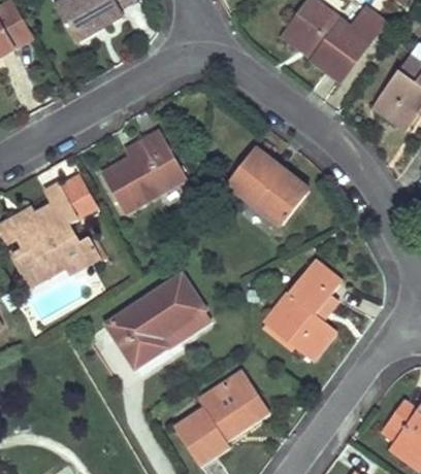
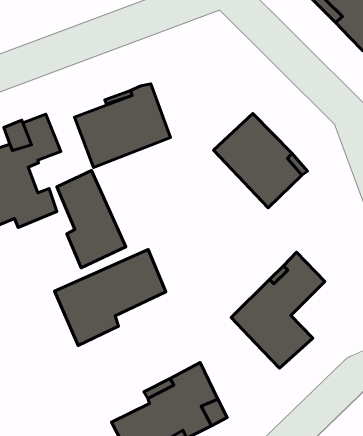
building: none -> [57,170,126,268]

